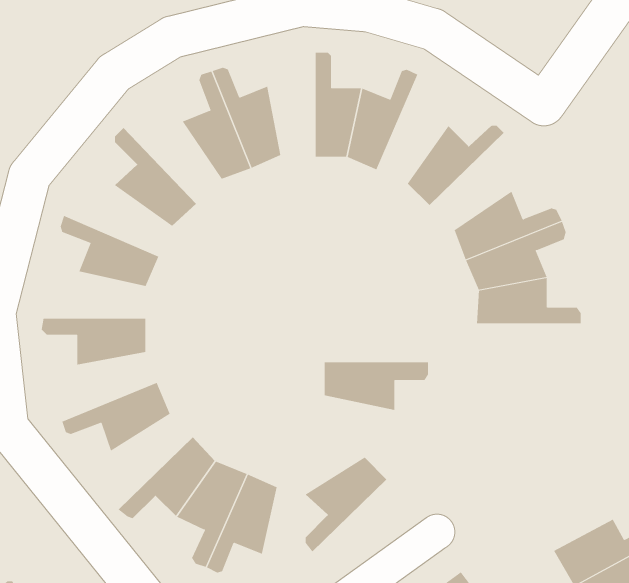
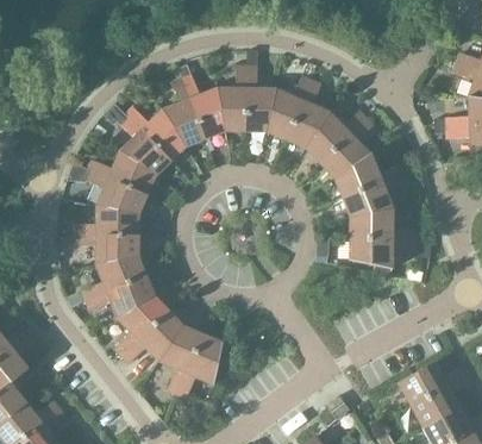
building: none -> [217,65,246,132]
building: none -> [286,80,331,149]
building: none -> [125,108,187,162]
building: none -> [319,117,373,179]
building: none -> [87,150,156,195]
building: none -> [74,205,139,234]
building: none -> [82,256,146,300]
building: [324,362,429,411] -> [349,238,415,269]
building: [305,457,387,552] -> [117,295,169,356]

